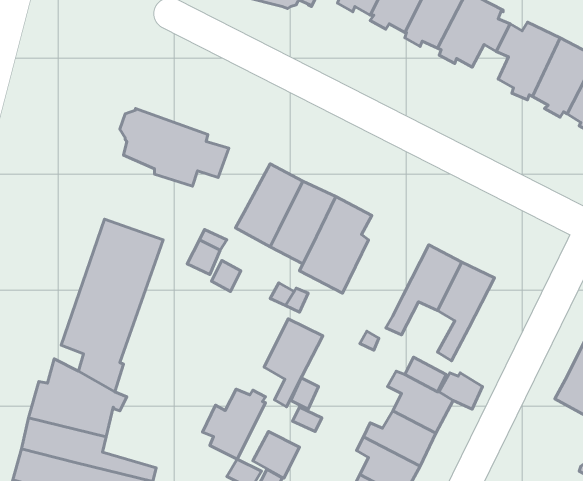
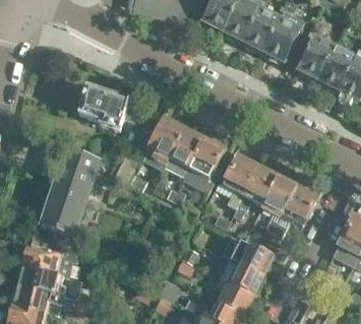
building: none -> [270,184,316,237]
building: [264,319,323,407] -> [223,154,257,206]
building: [203,389,265,459] -> none

